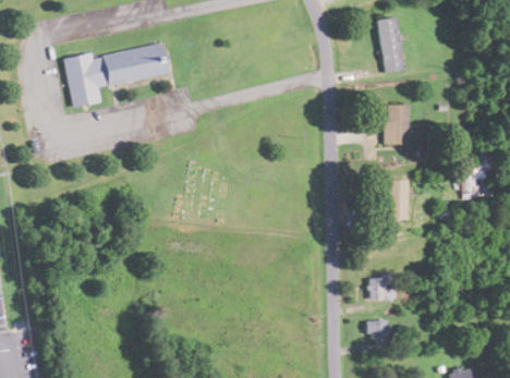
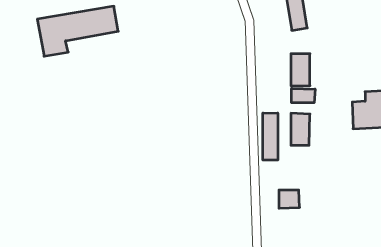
building: none -> [292,88,315,103]
building: none -> [263,113,278,160]
building: [369,321,391,341] -> none

